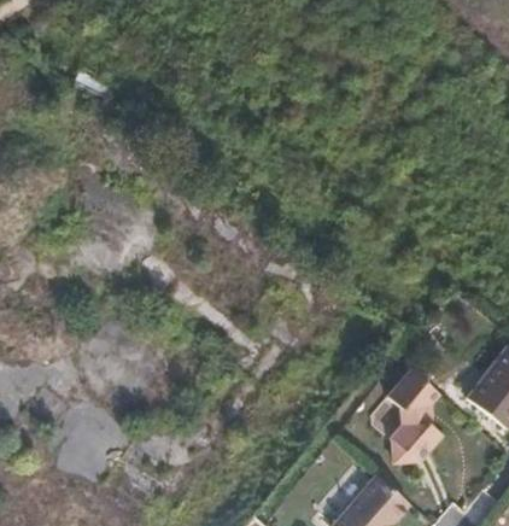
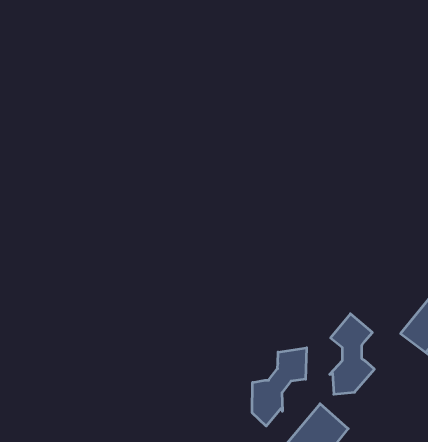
building: none -> [252,348,307,426]

